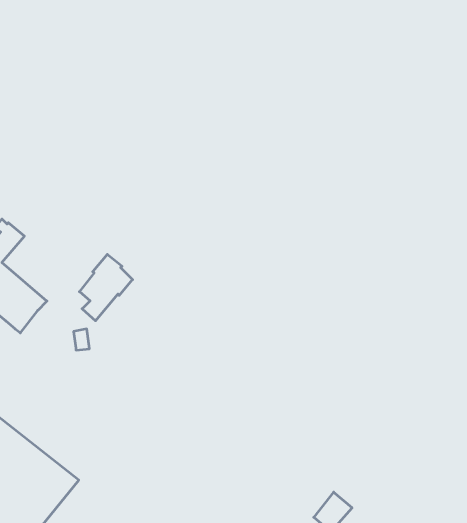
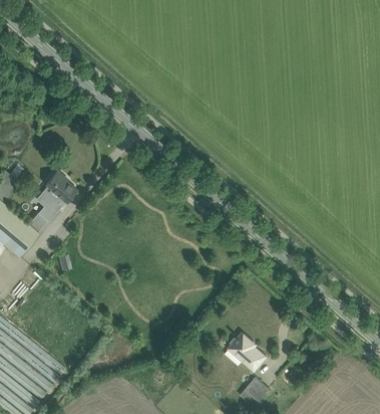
building: [79,254,133,321] -> [35,172,75,222]
building: none -> [229,334,266,373]

